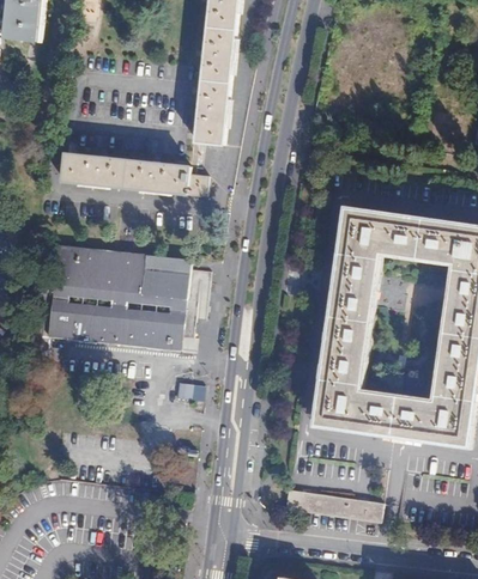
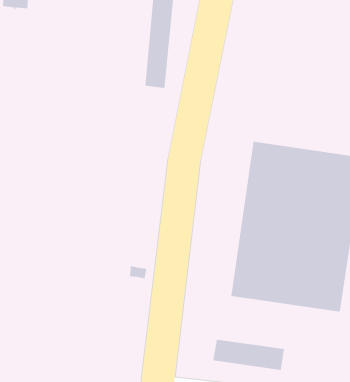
building: [63,153,190,194] -> none
building: [42,246,211,352] -> none

